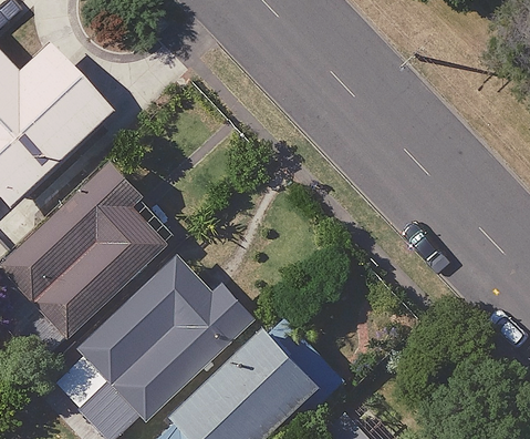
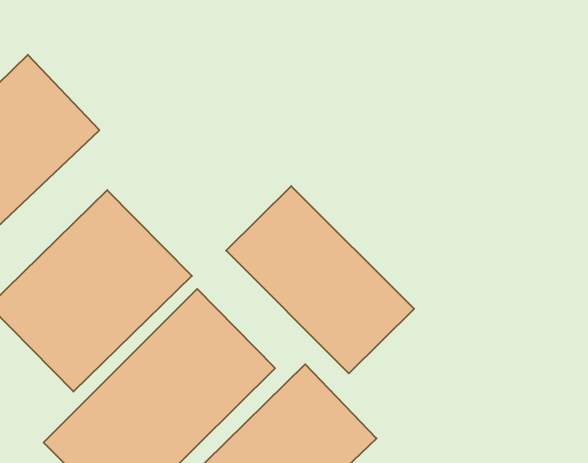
building: none -> [226,186,414,373]

